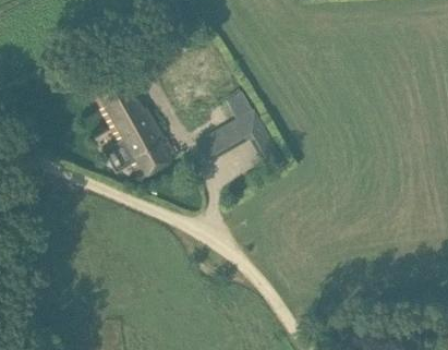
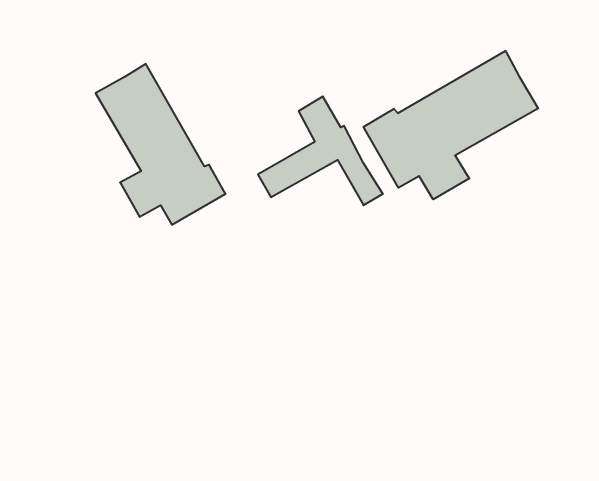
building: none -> [364,51,538,199]

